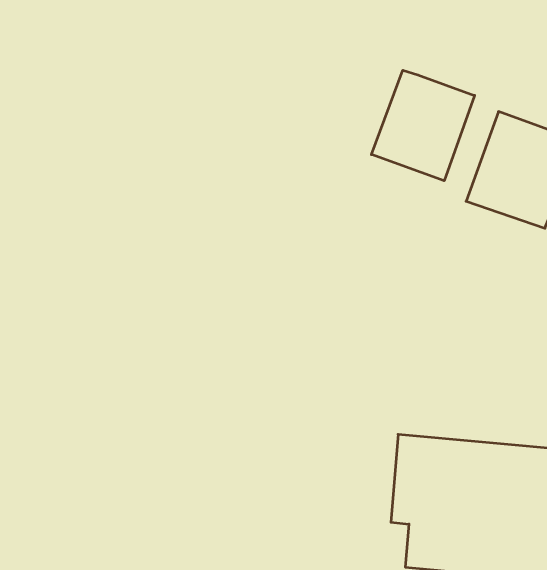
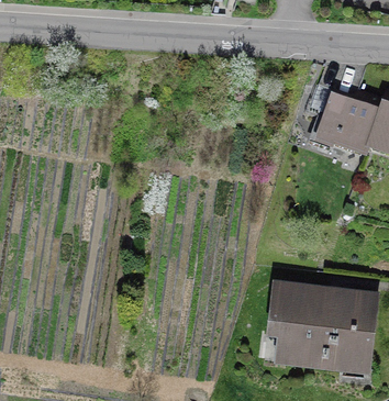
building: [371,70,475,181] -> none

